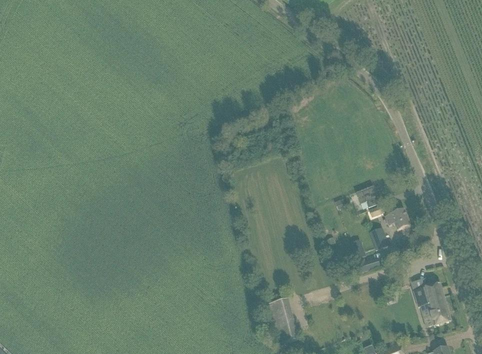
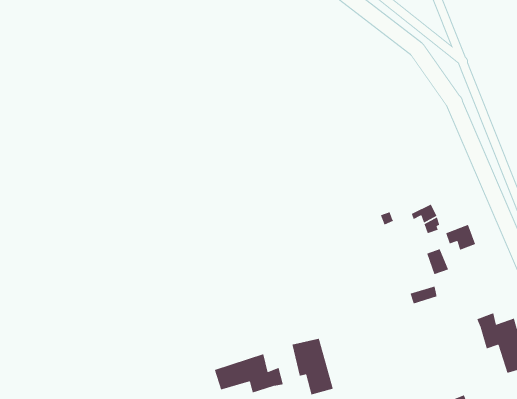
building: none -> [214,353,284,393]

